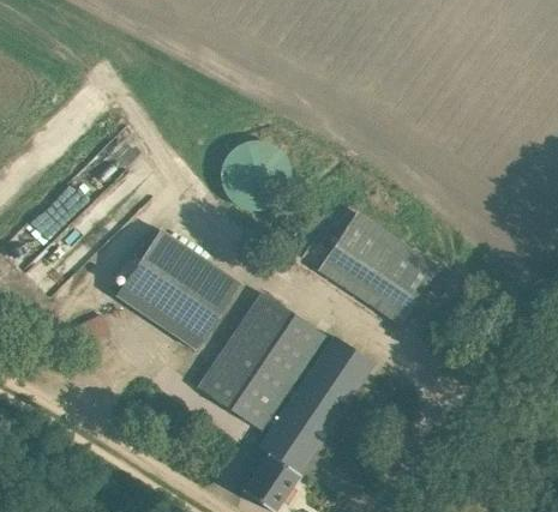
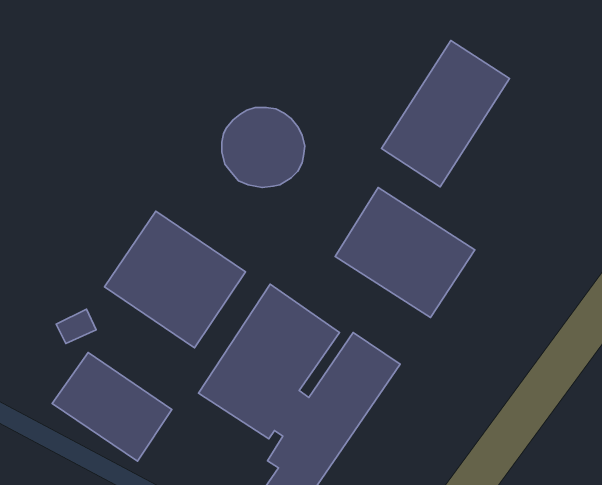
building: none -> [381,40,510,187]
building: none -> [52,352,172,461]

